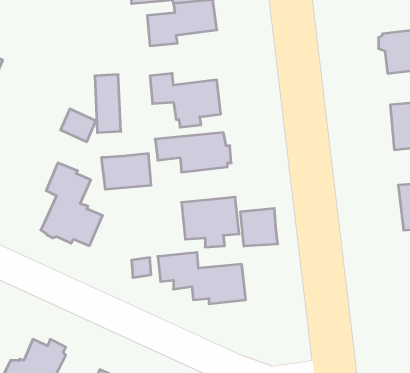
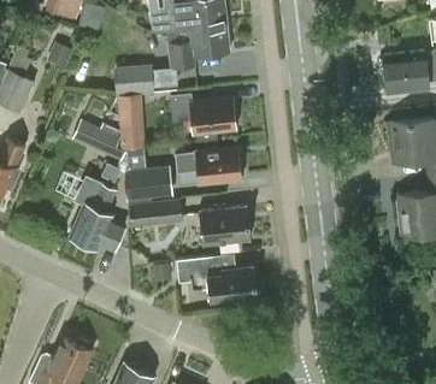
building: none -> [114,64,154,95]
building: none -> [129,197,182,225]
building: [241,208,278,246] -> none

